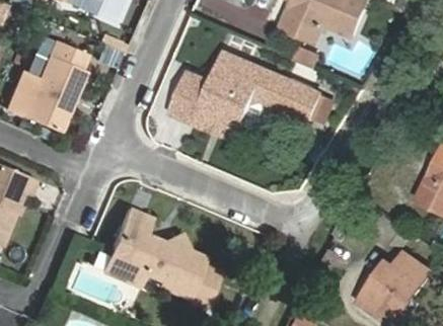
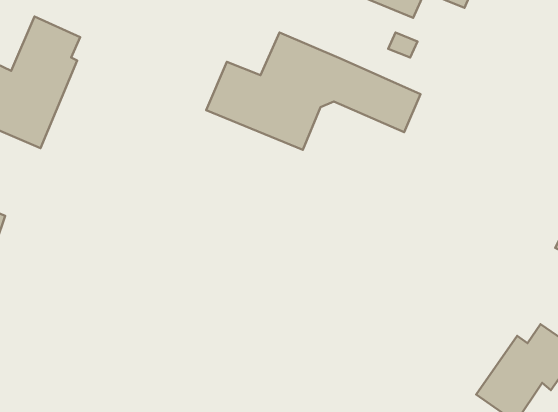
building: [106,209,216,304] -> none

